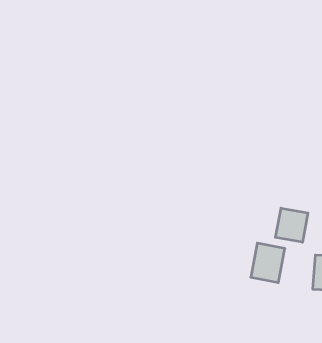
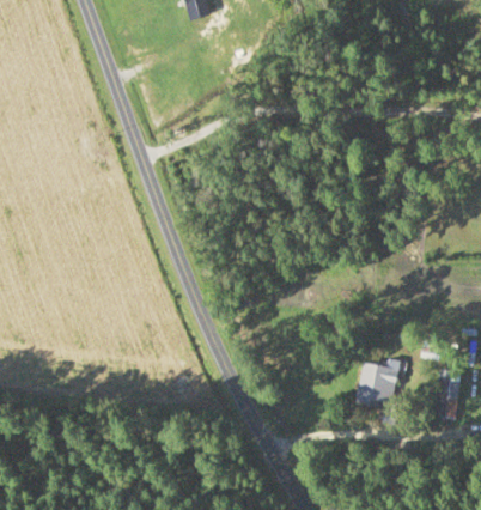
building: [275,208,308,242] -> none

